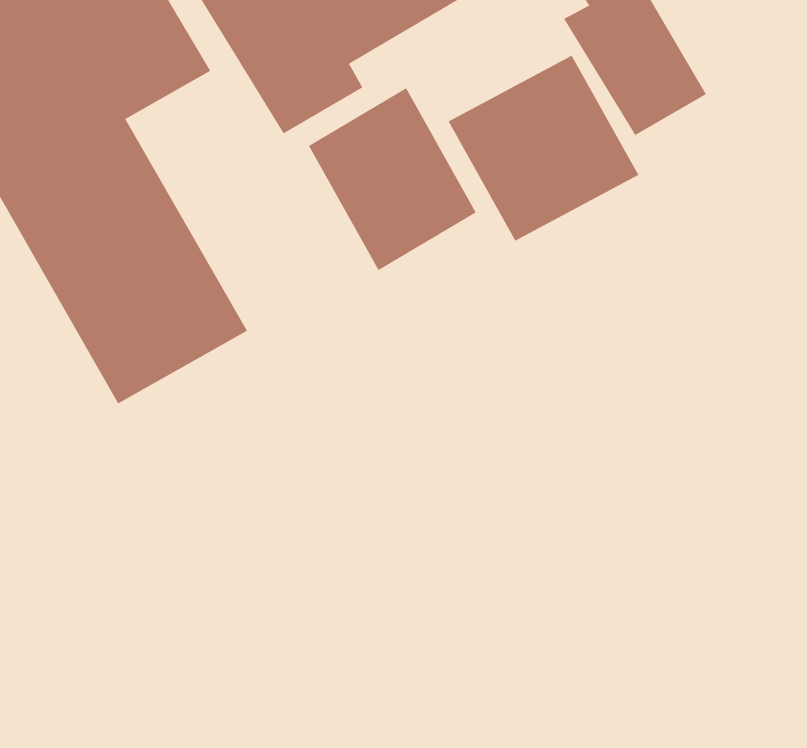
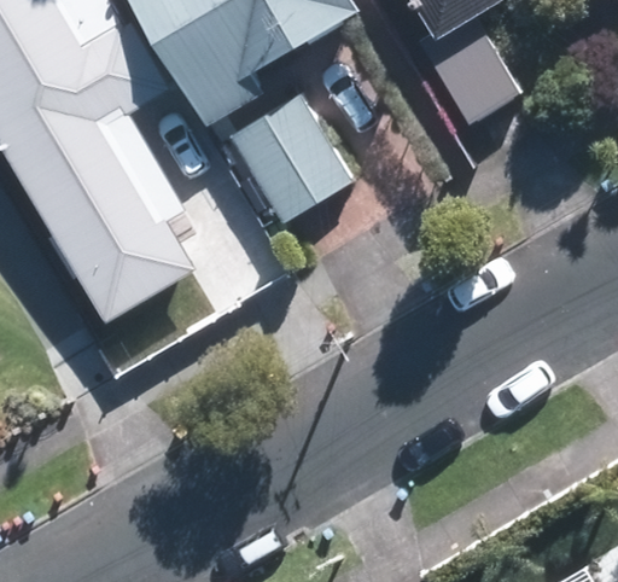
building: [448,55,639,241] -> none

